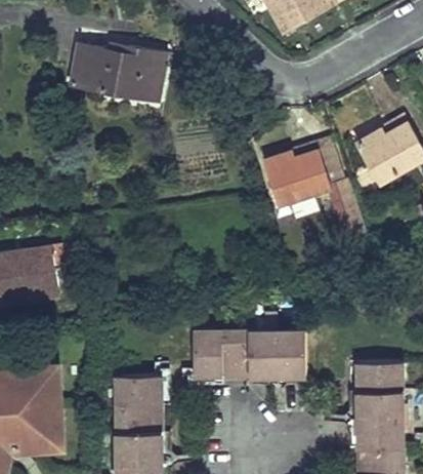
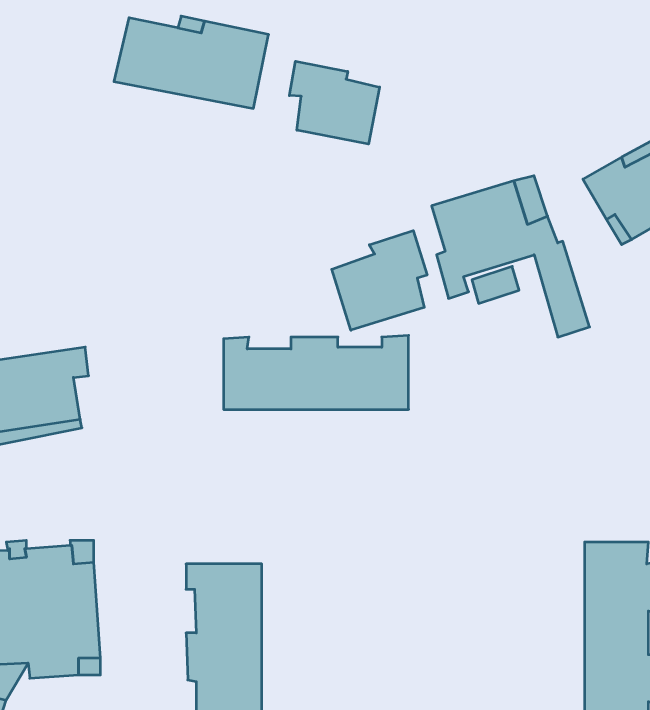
building: none -> [289,61,380,144]
building: none -> [332,231,427,330]
building: [193,331,305,377] -> [224,335,409,409]

